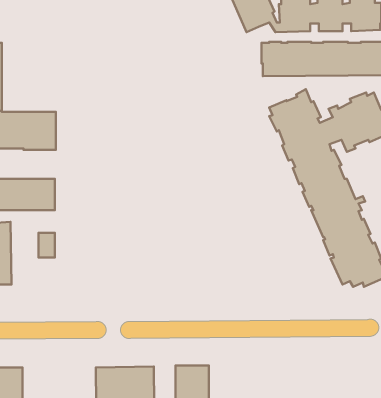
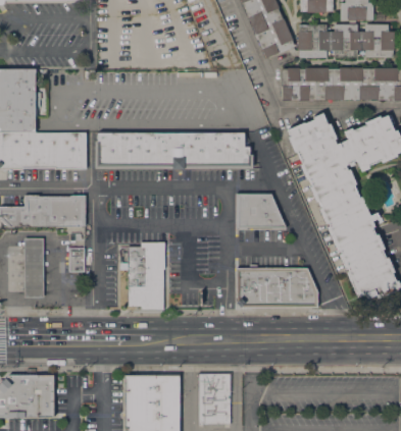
building: none -> [95,132,252,169]
building: none -> [236,194,286,228]
building: none -> [120,243,165,309]
building: none -> [236,268,317,308]

